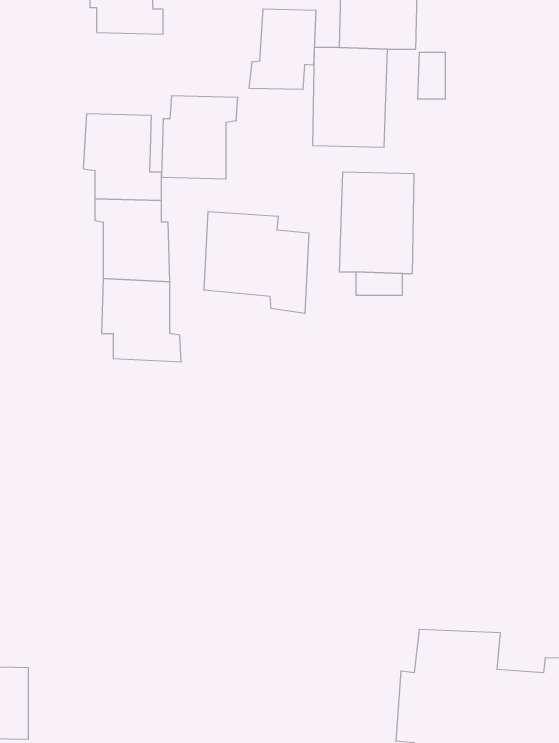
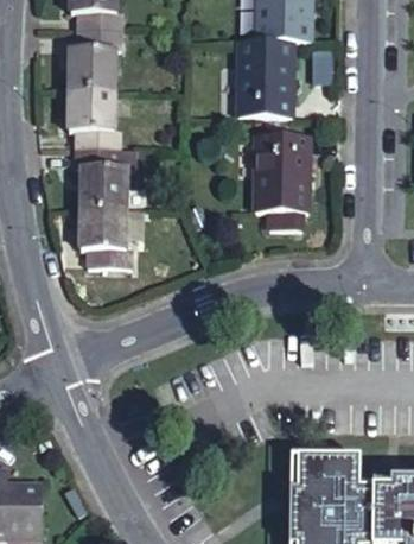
building: [249,9,316,90] -> none
building: [161,96,238,179] -> [74,31,128,90]
building: [204,211,309,314] -> none

